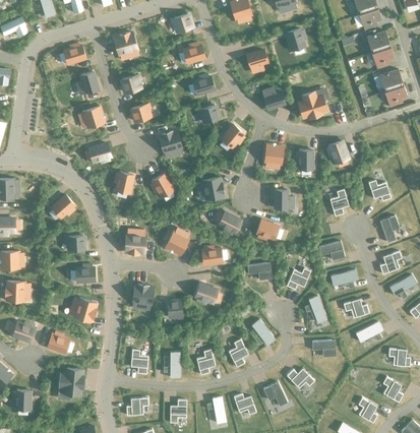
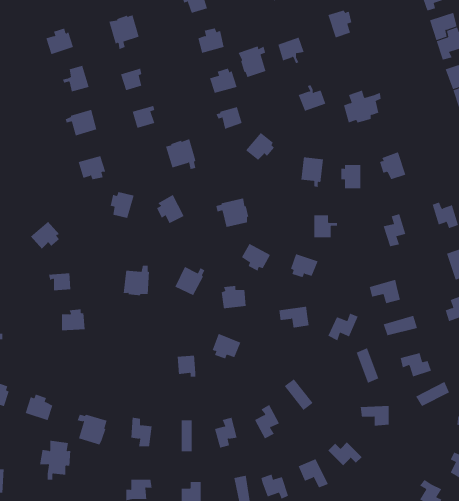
building: none -> [238,45,266,78]
building: [131,285,154,310] -> none
building: [72,298,97,322] -> [77,414,108,445]

